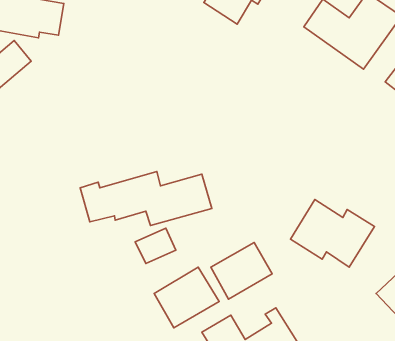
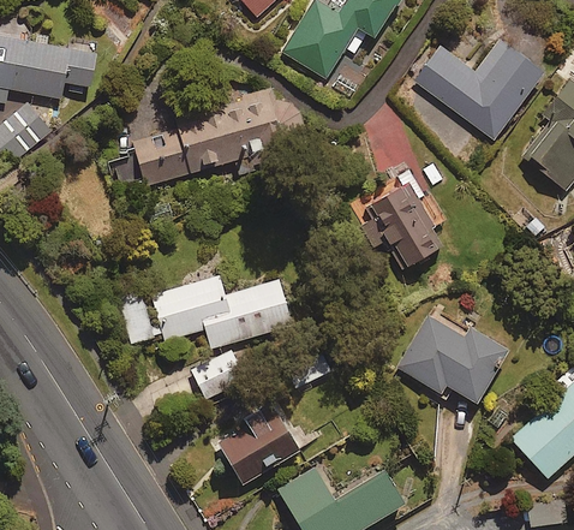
building: none -> [109,85,292,195]
building: none -> [354,177,444,268]
building: [211,243,272,299] -> none

